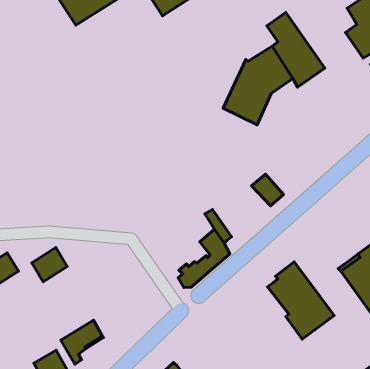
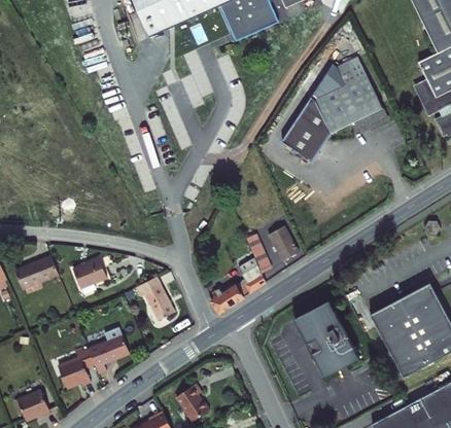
building: none -> [311,64,345,99]
building: [252,174,283,206] -> [268,228,298,260]
building: none -> [140,284,175,322]

